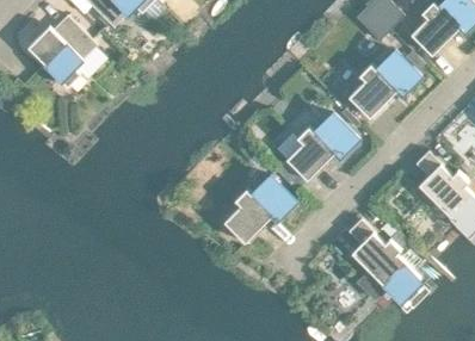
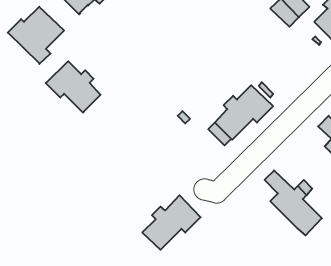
building: [348,50,421,117] -> none
building: none -> [46,61,101,113]
building: [223,174,296,242] -> [142,195,201,250]

